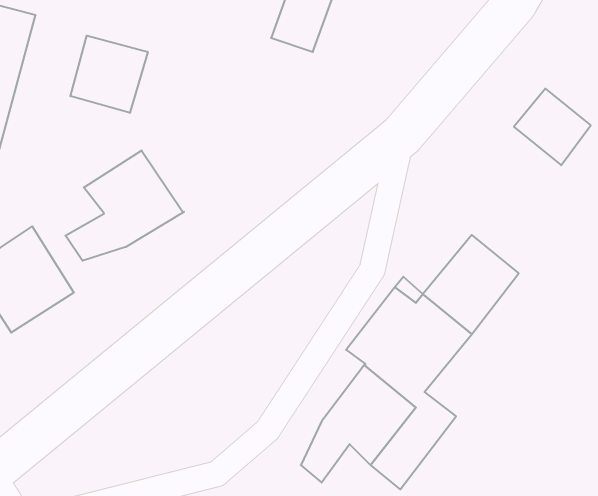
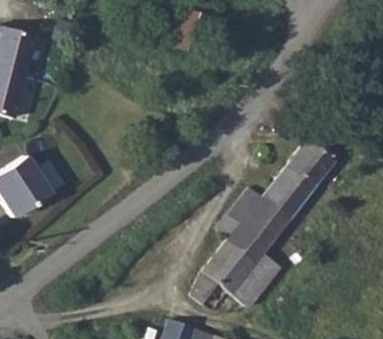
building: [70,36,148,113] -> none
building: [514,89,591,165] -> [289,140,333,184]
building: [65,150,184,261] -> none

